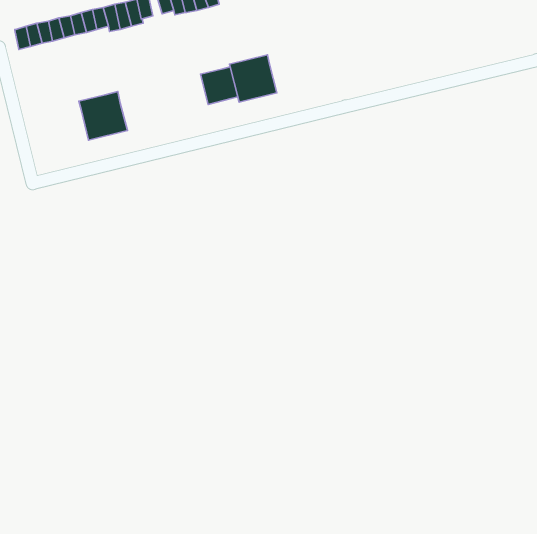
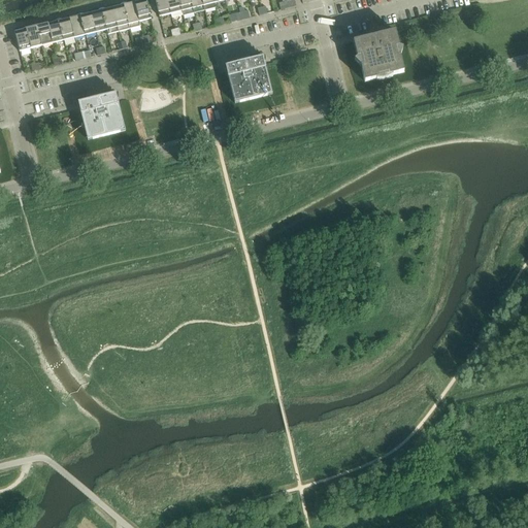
building: none -> [353,28,403,79]
building: [201,67,238,104] -> none

